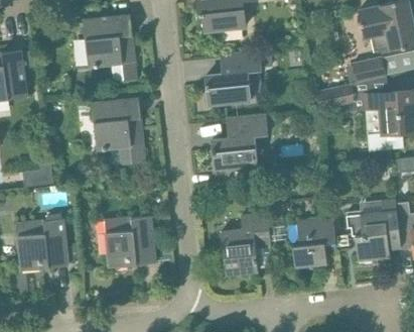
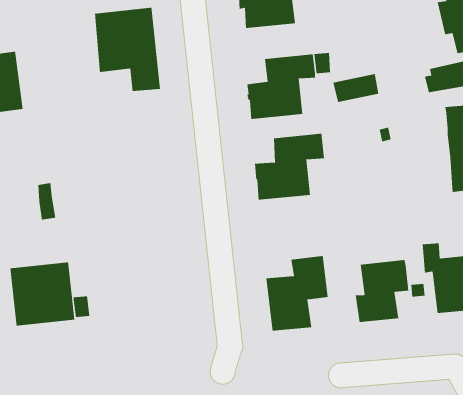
building: [317,85,355,108] -> [333,74,379,103]
building: [92,98,145,165] -> none
building: [104,215,156,266] -> none

